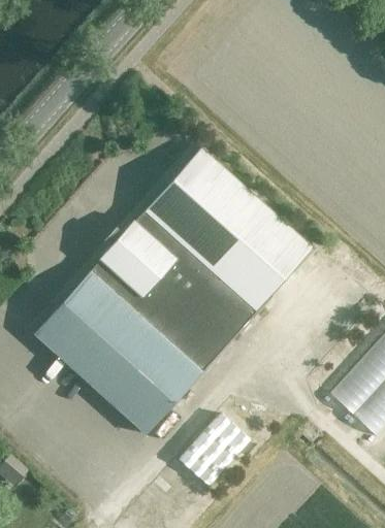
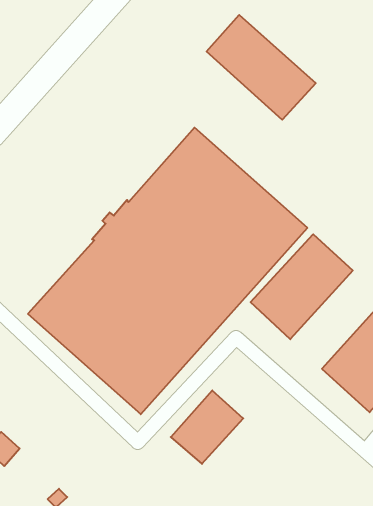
building: none -> [207,15,316,120]
building: none -> [251,234,353,339]

